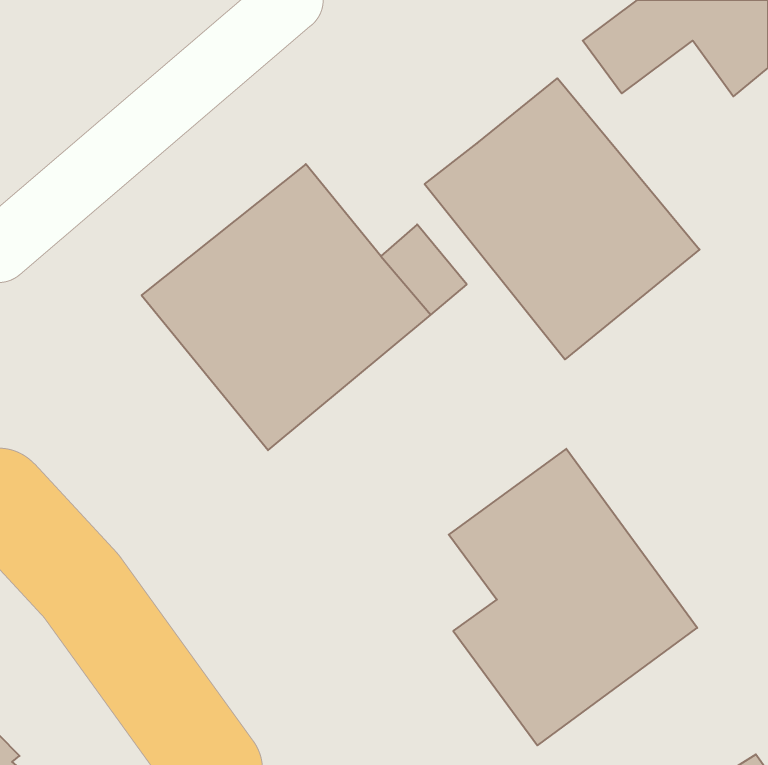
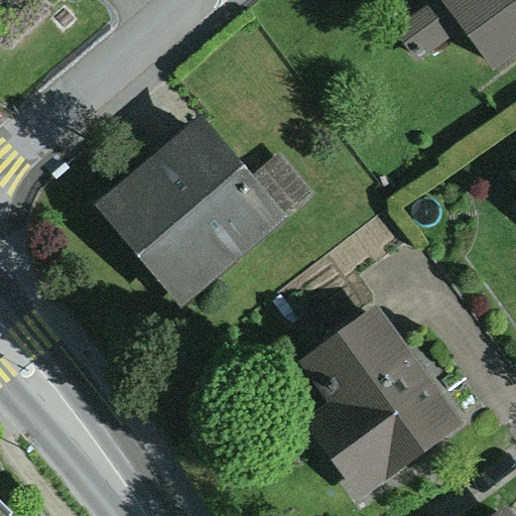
building: [425,78,700,359] -> none

